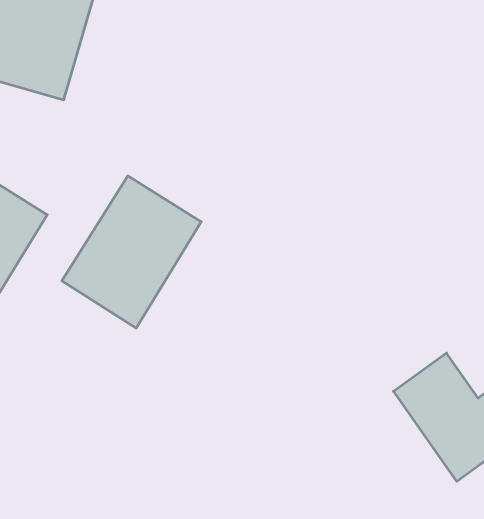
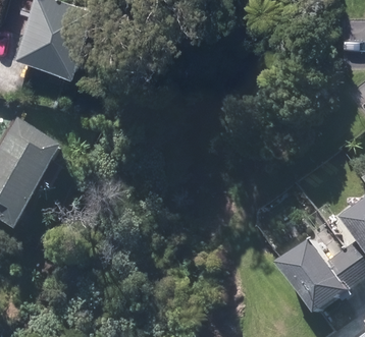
building: [62,176,201,328] -> none

